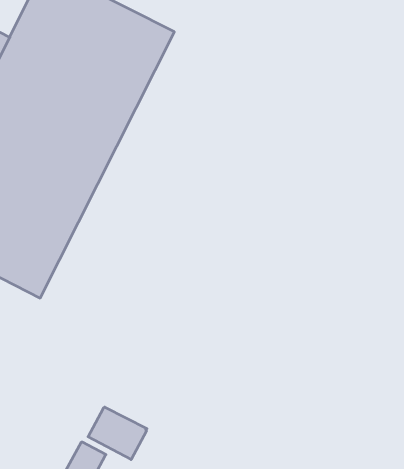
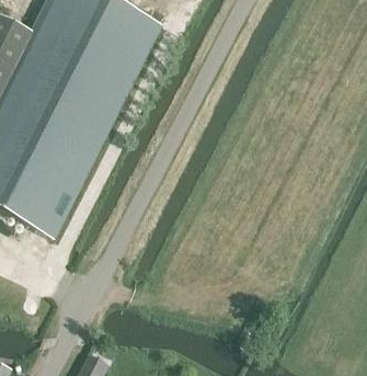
building: [88,407,147,460] -> none

